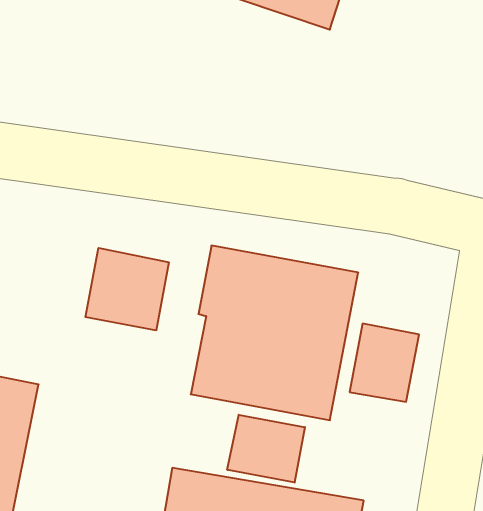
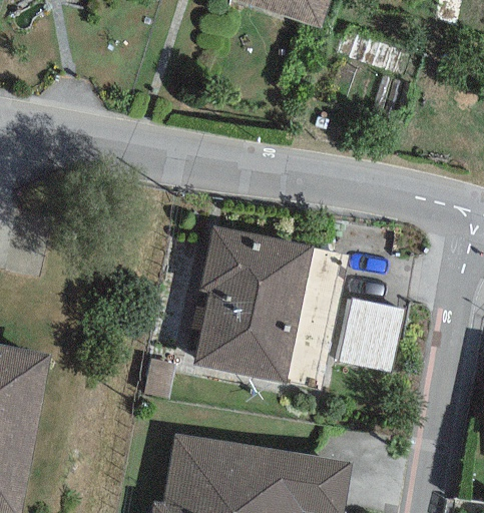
building: [85,248,169,330] -> none
building: [227,415,305,483] -> none

